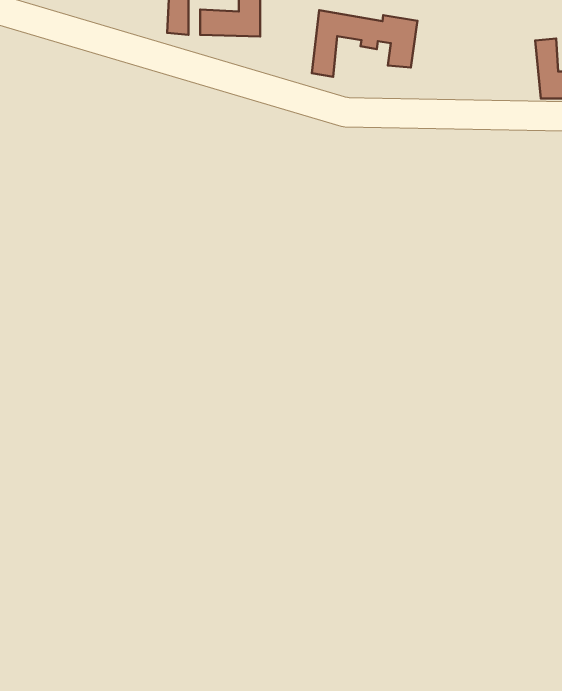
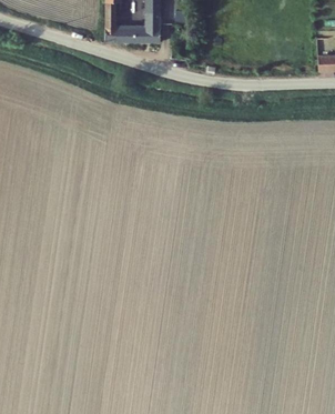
building: [312,10,417,77] -> none

